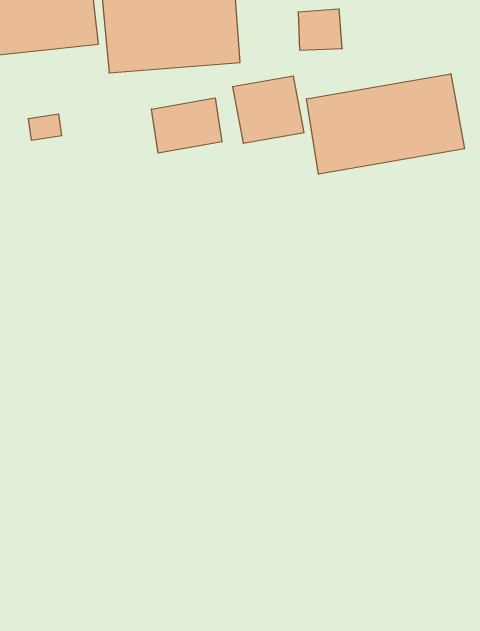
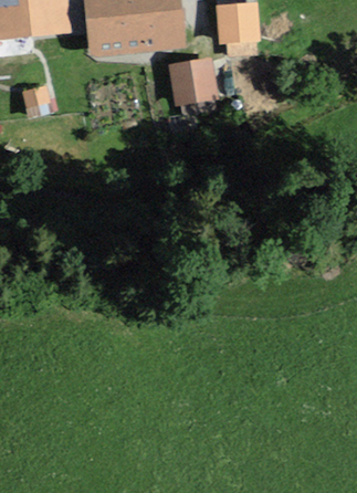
building: [307,74,464,174] -> none
building: [151,98,222,153] -> none

